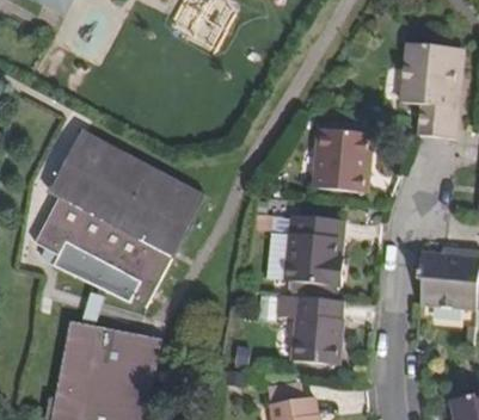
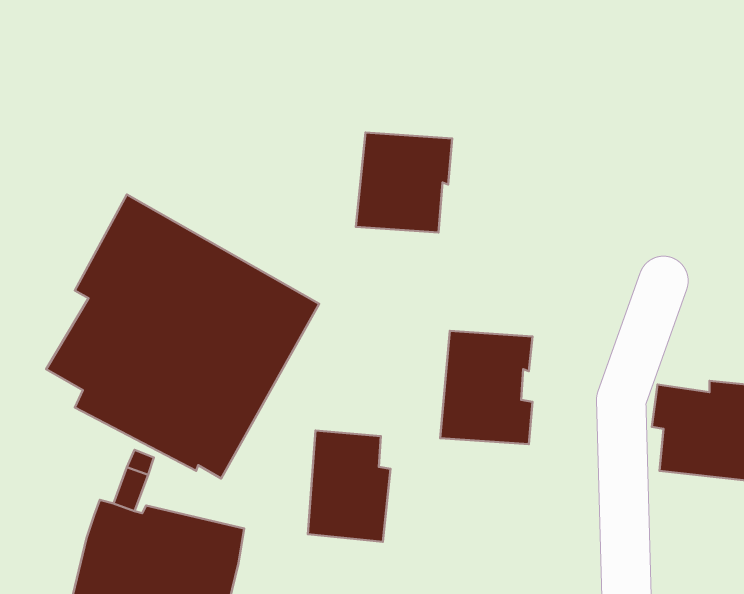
building: [397,43,455,136] -> none
building: [309,130,369,192] -> [356,133,452,232]
building: [290,297,342,366] -> [308,430,390,542]

